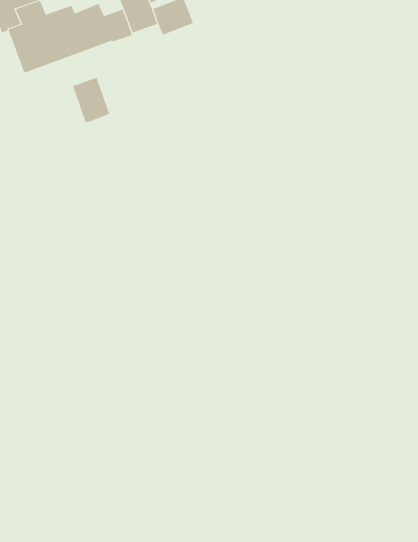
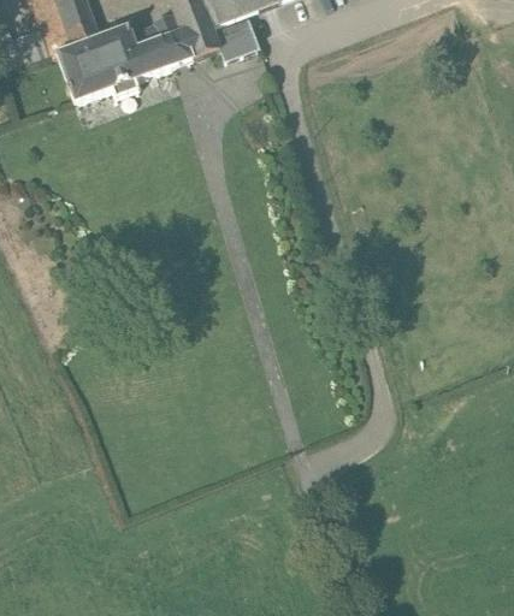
building: [73,77,110,123] -> none

